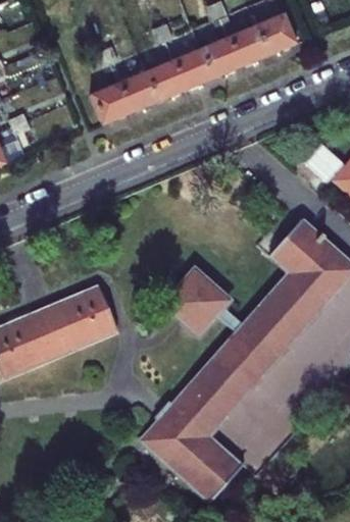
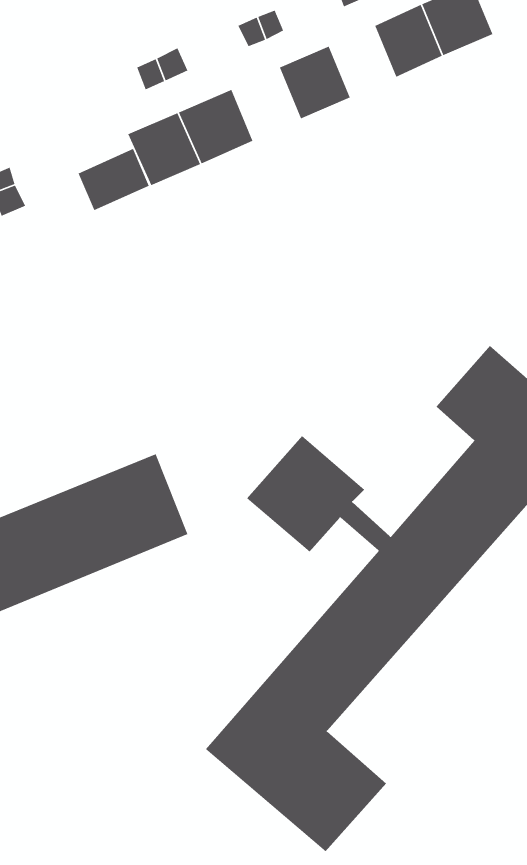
building: [208,35,246,75] -> none
building: [153,58,192,100] -> none
building: none -> [77,148,150,211]

